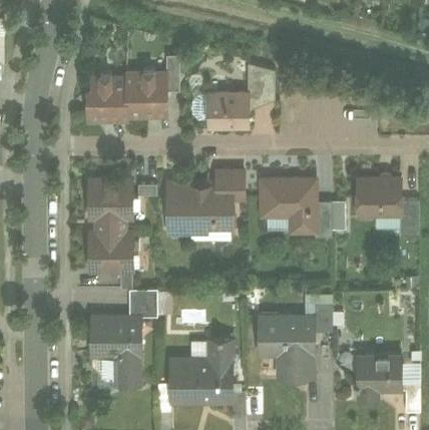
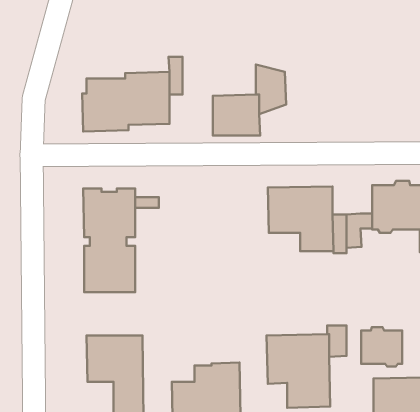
building: [163,166,244,236] -> none
building: [126,289,154,316] -> none
building: none -> [361,327,402,366]

